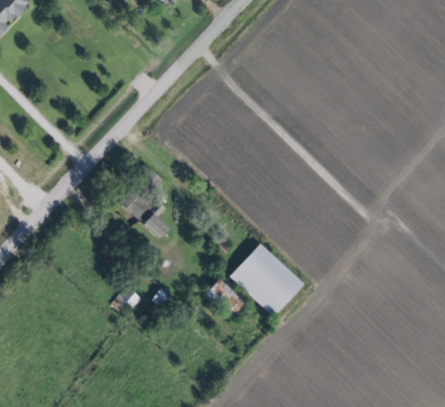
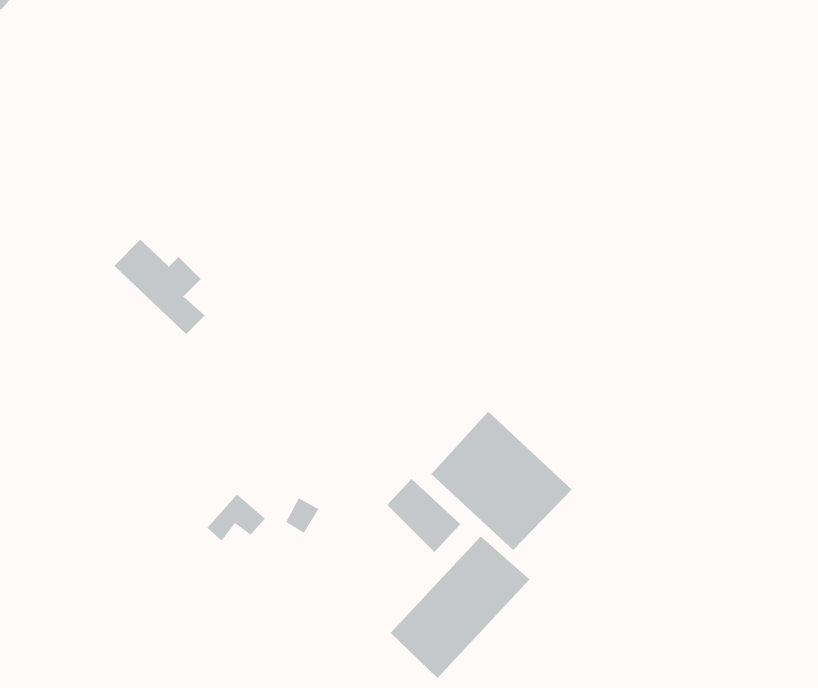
building: [120,187,168,237] -> [113,239,205,335]
building: none -> [390,536,530,679]

